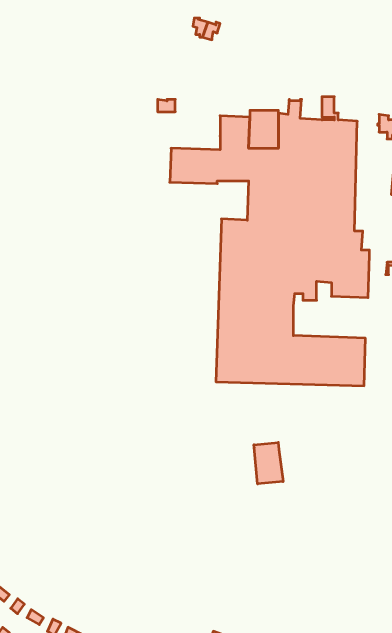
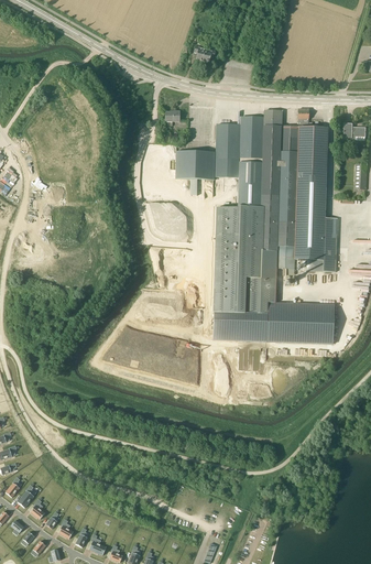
building: [254,442,283,484] -> none

